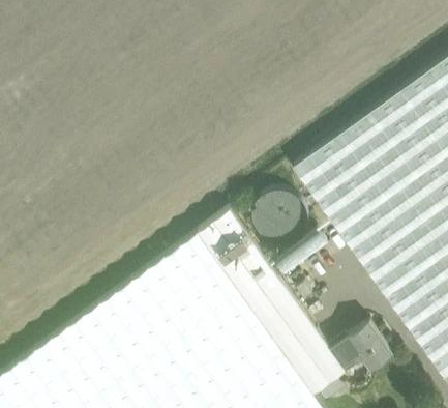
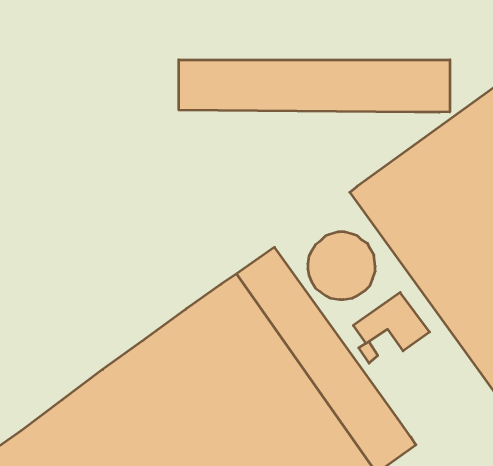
building: none -> [179,60,450,112]
building: [331,325,393,373] -> [353,292,430,351]

